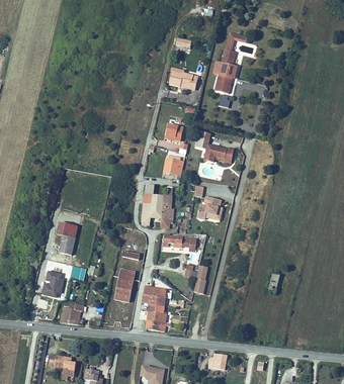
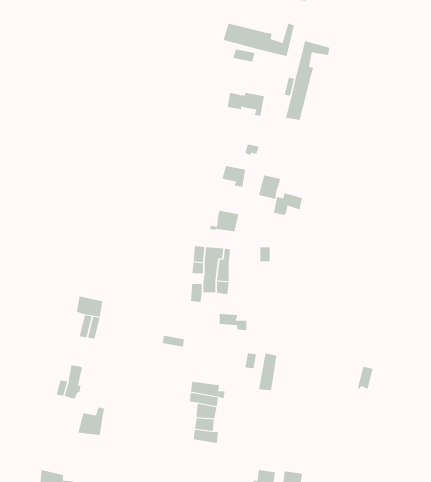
building: none -> [223,23,294,57]
building: [196,194,224,222] -> none
building: [115,270,135,302] -> none

